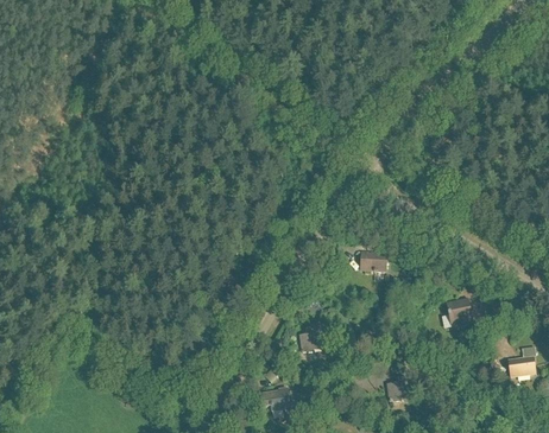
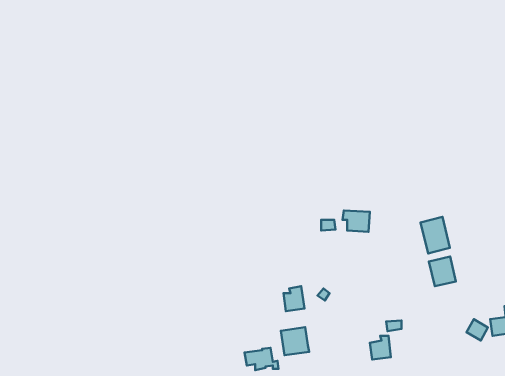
building: none -> [421,217,450,253]
building: none -> [281,327,309,355]

